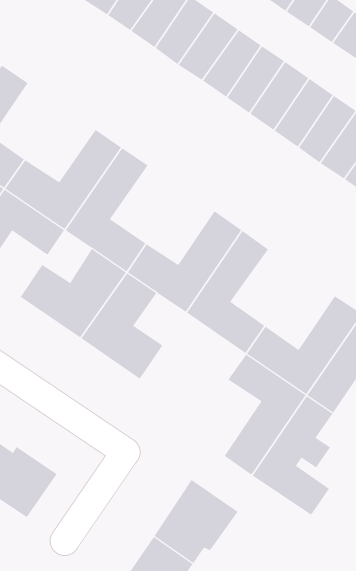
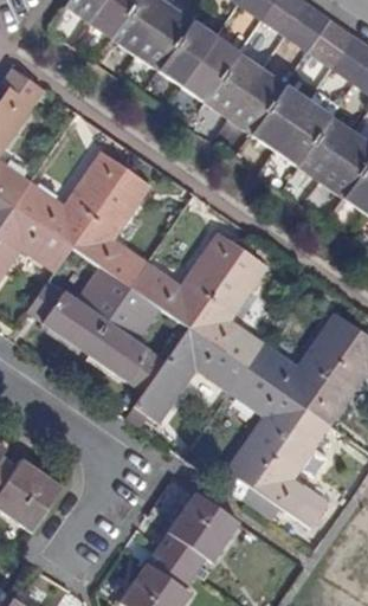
building: none -> [136,329,247,424]

